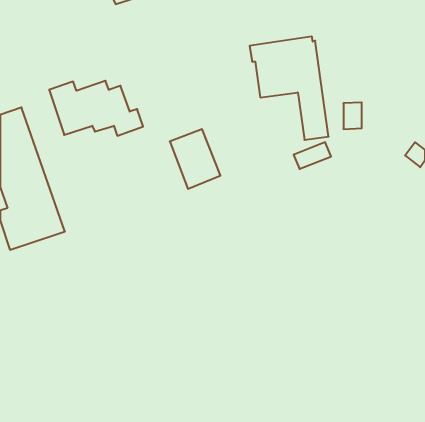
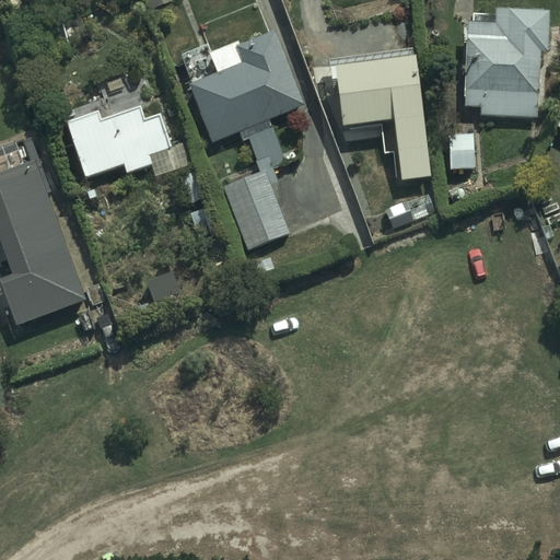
building: none -> [465,7,550,116]
building: none -> [189,28,304,140]

